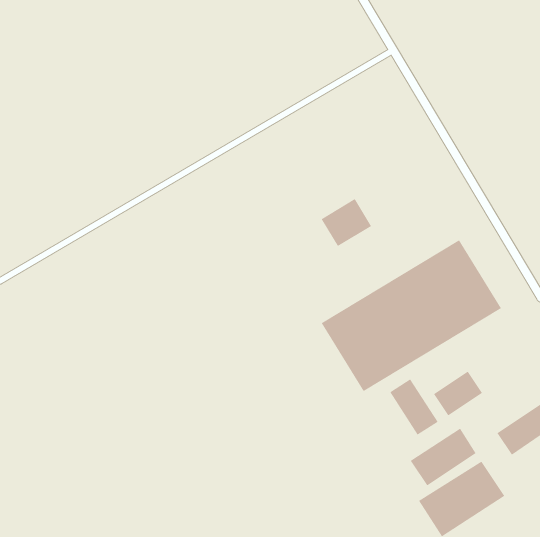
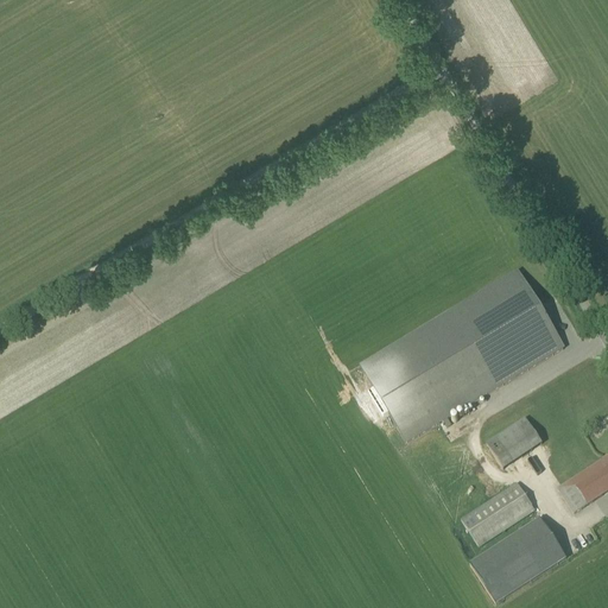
building: [321,198,372,247] -> none
building: [389,378,438,436] -> none

